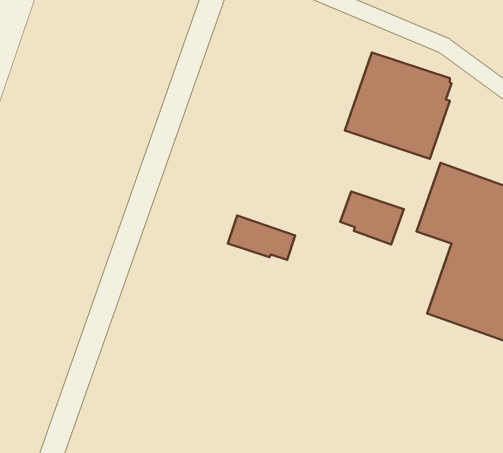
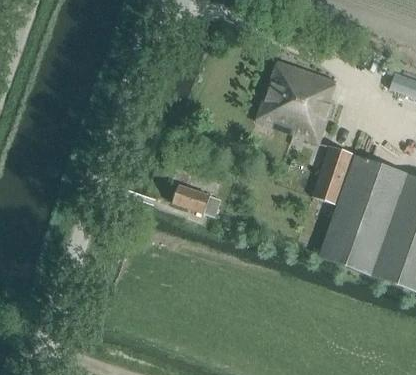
building: [340,192,404,244] -> none

